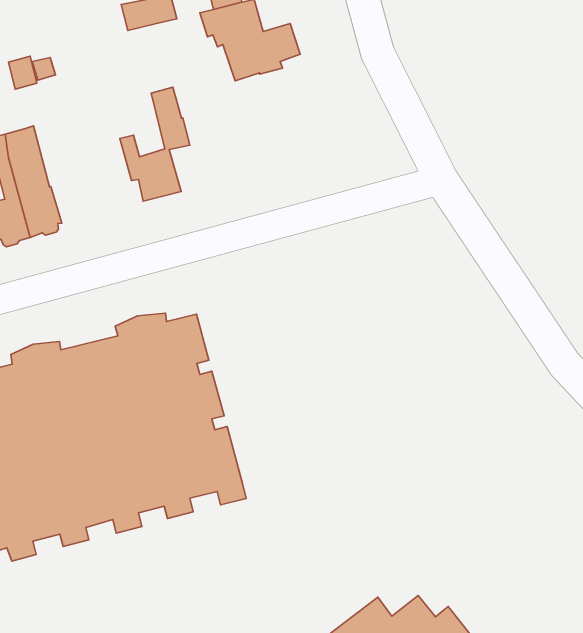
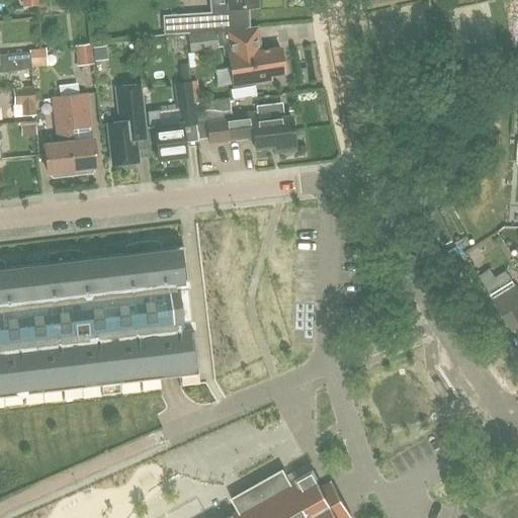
building: none -> [194,102,294,152]
building: none -> [107,85,147,169]

